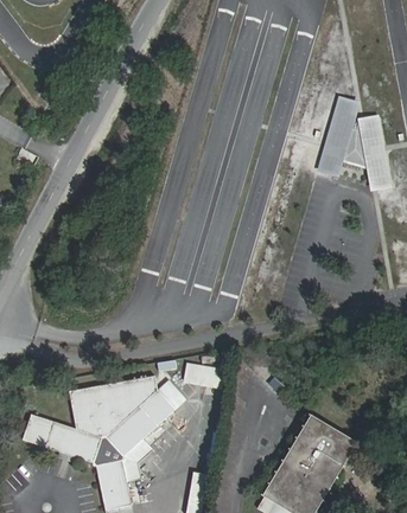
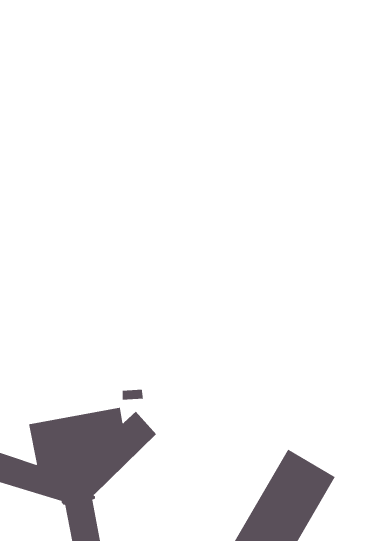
building: [316,97,392,191] -> none
building: [180,364,218,387] -> none

